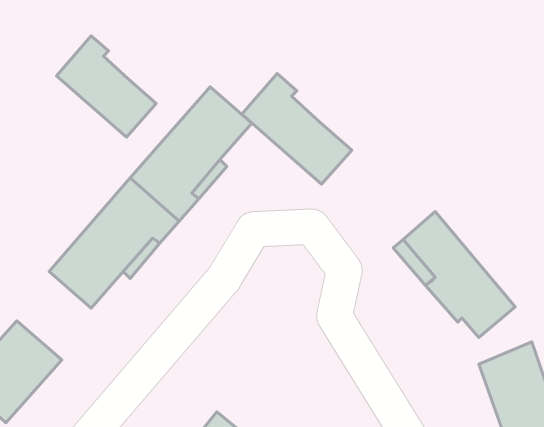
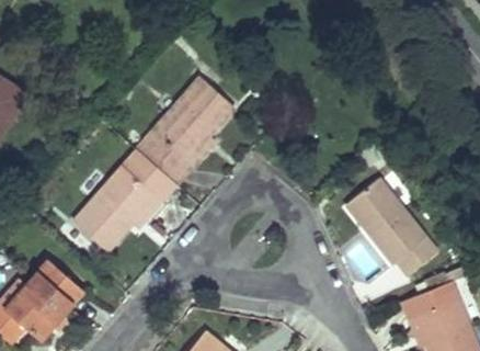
building: [57,36,156,137] -> none
building: [242,74,352,184] -> none

